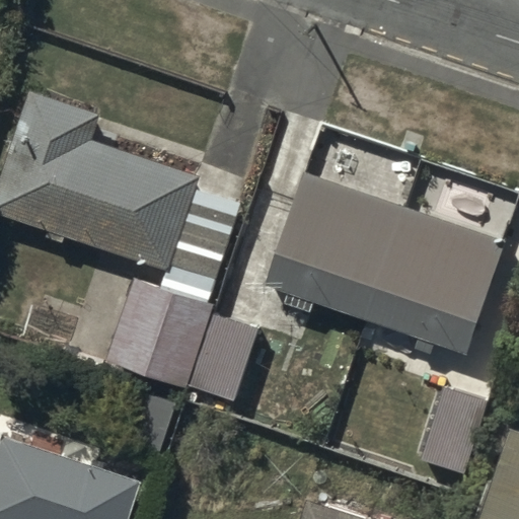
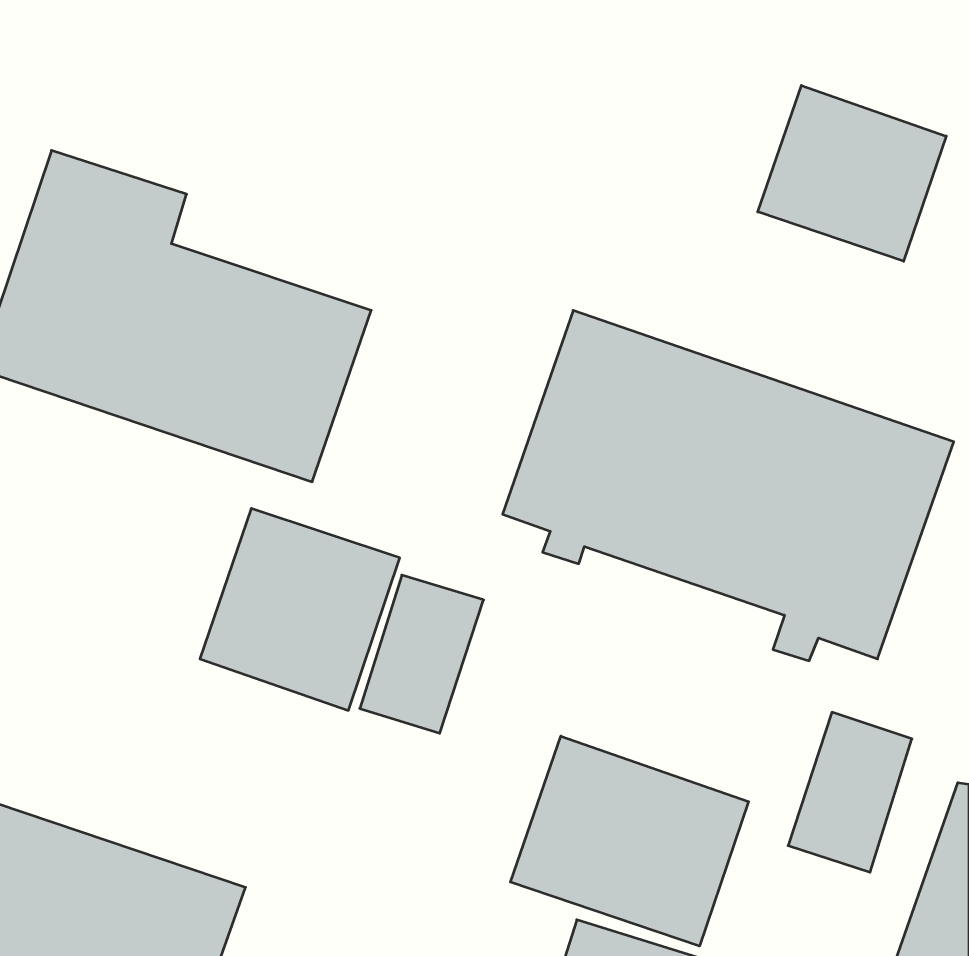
building: none -> [758,85,946,261]
building: none -> [510,736,749,946]

